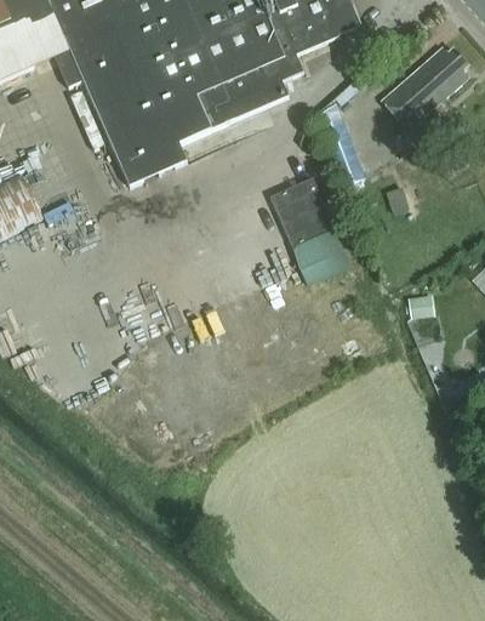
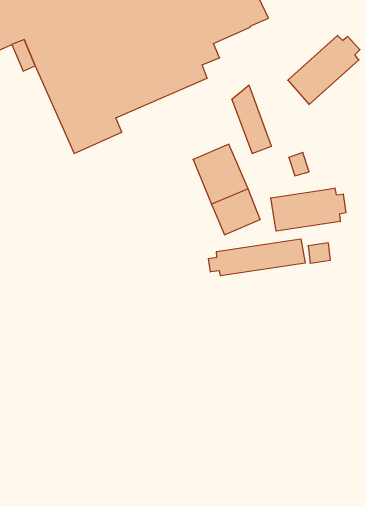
building: none -> [271,188,346,231]
building: none -> [209,239,305,276]

